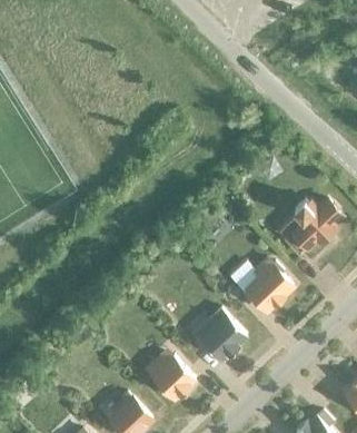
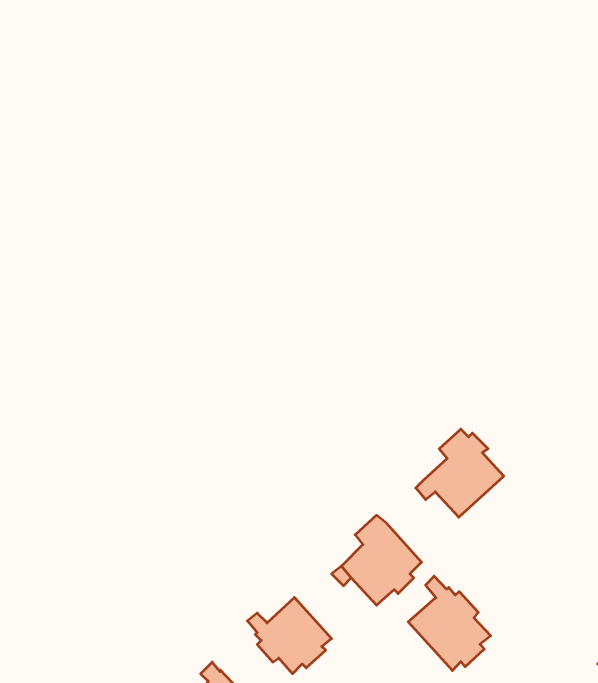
building: [289,199,338,254] -> none
building: none -> [408,576,491,671]

